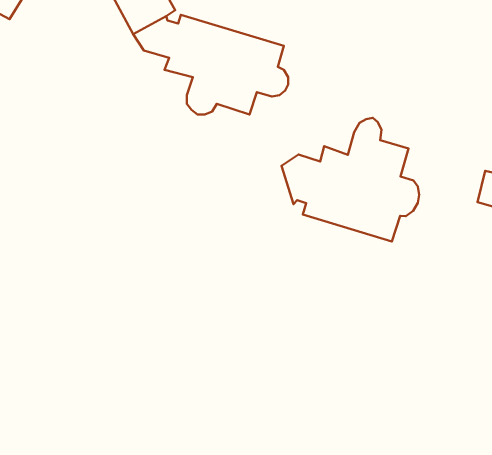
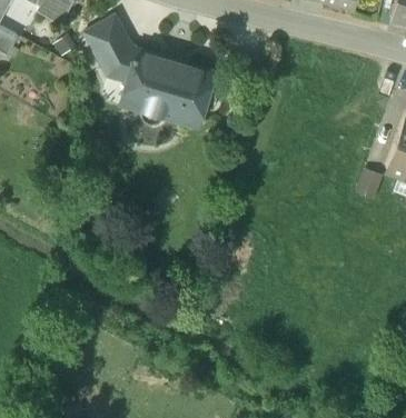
building: [282,118,419,241] -> none

